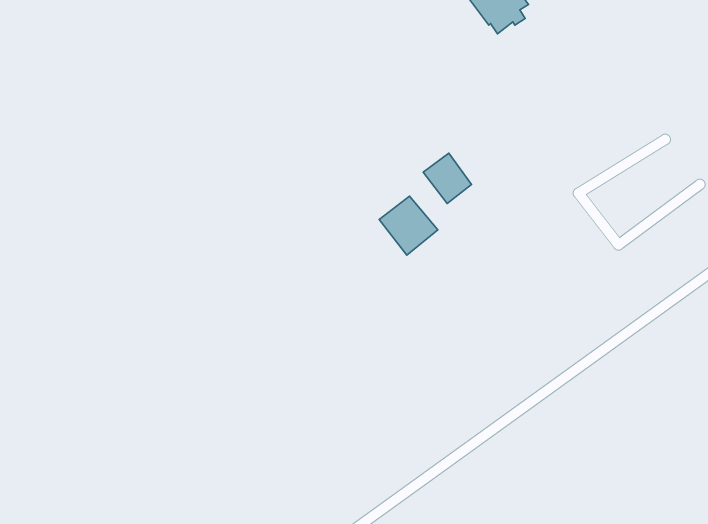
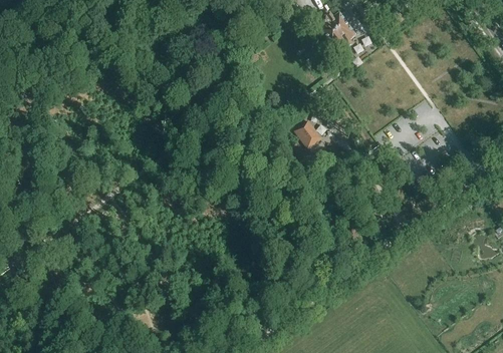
building: [379,196,438,255] -> none

